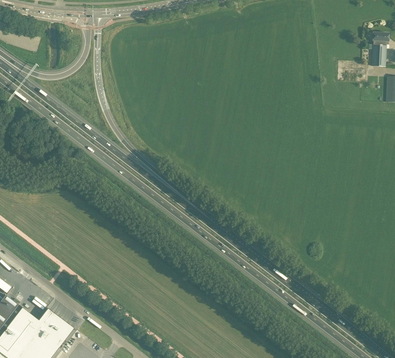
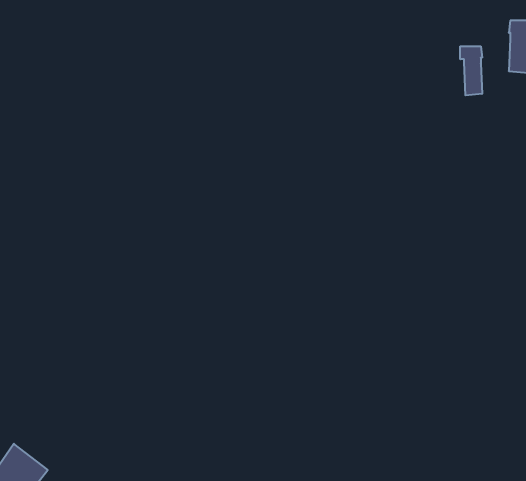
building: none -> [460,46,482,95]

